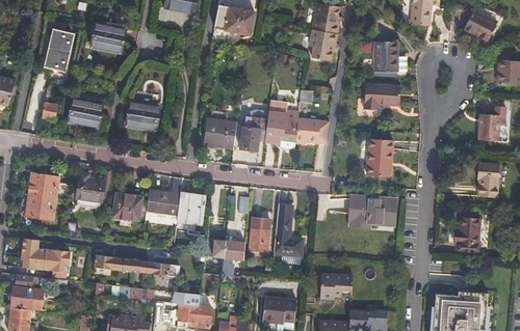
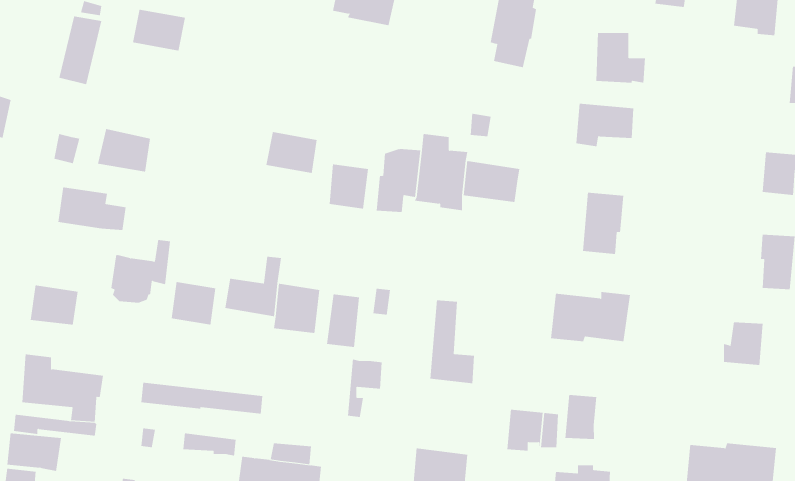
building: [127,103,159,129] -> [265,132,318,174]
building: [29,172,72,199] -> [58,187,126,231]
building: [248,227,268,260] -> [326,294,360,347]
building: none -> [565,394,597,440]

